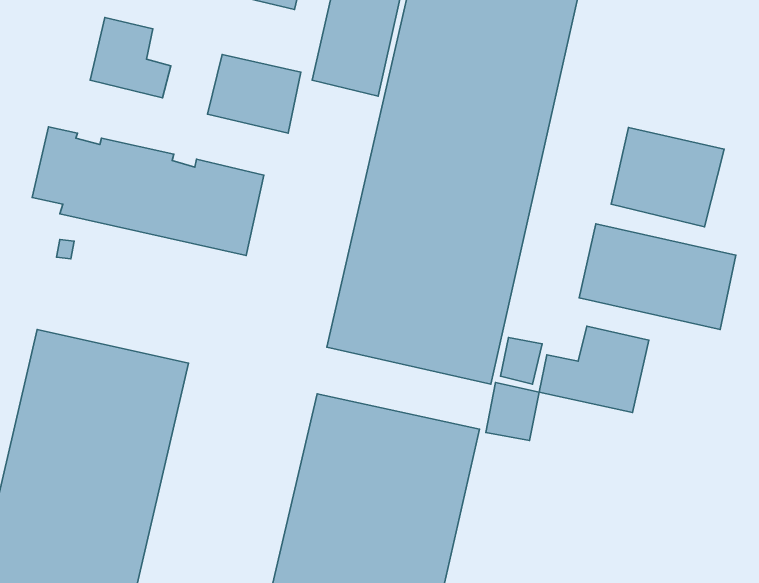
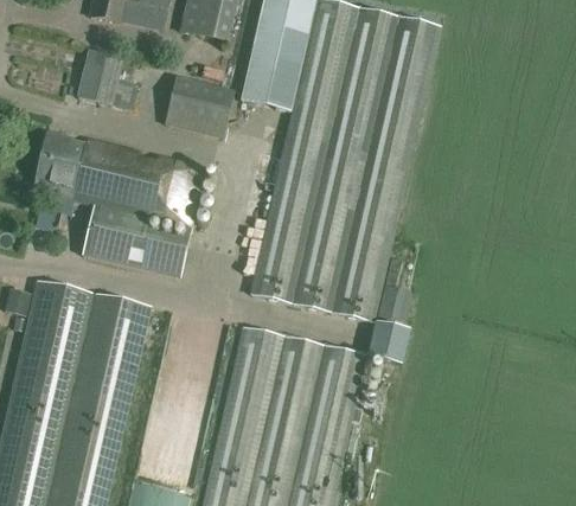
building: [611,128,724,227] -> none
building: [579,224,736,330] -> none
building: none -> [84,205,188,276]
building: [539,326,649,412] -> none

